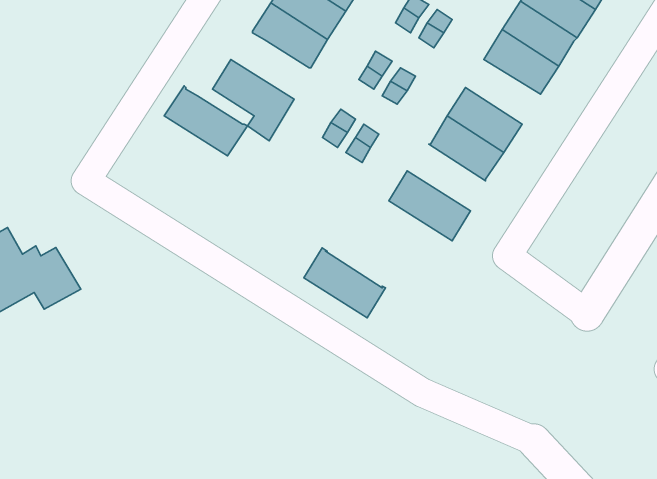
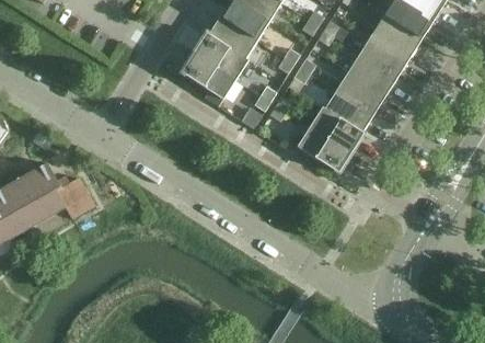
building: none -> [348,53,397,95]
building: [164,86,247,156] -> [194,33,249,79]
building: [304,248,385,318] -> [310,106,363,152]

